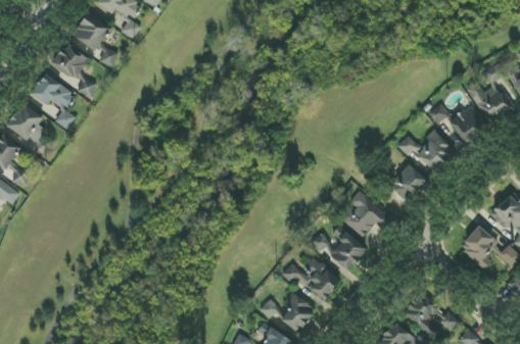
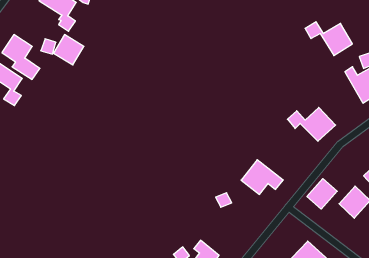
building: [73,14,109,51] -> [53,35,84,65]
building: [429,103,486,144] -> [305,22,352,56]
building: [390,164,427,201] -> [307,179,337,209]
building: [329,230,367,272] -> none
building: [281,256,340,300] -> none

